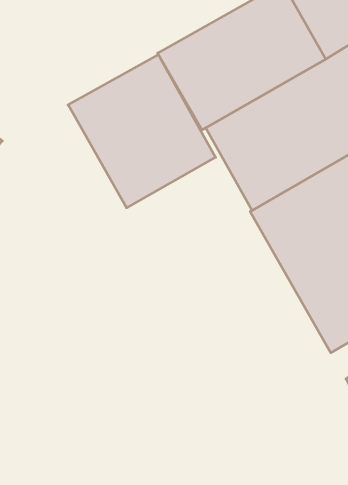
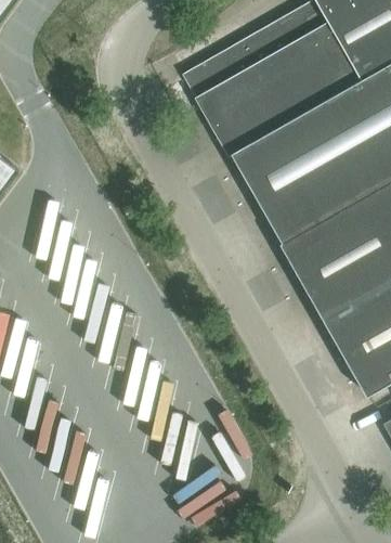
building: [68,55,216,208] -> none

